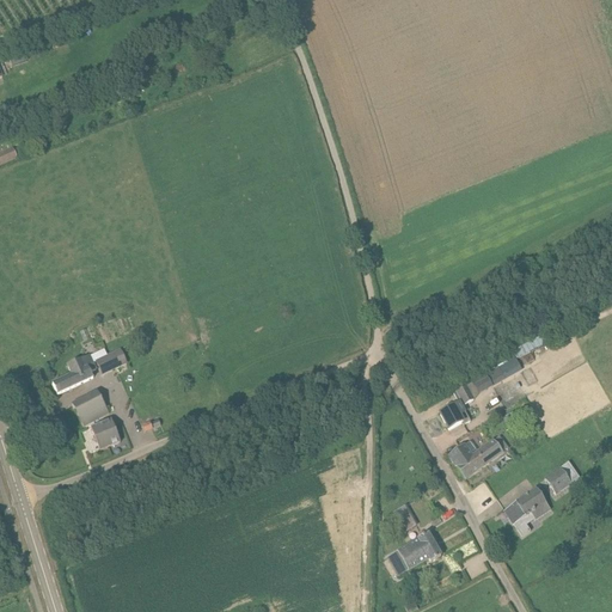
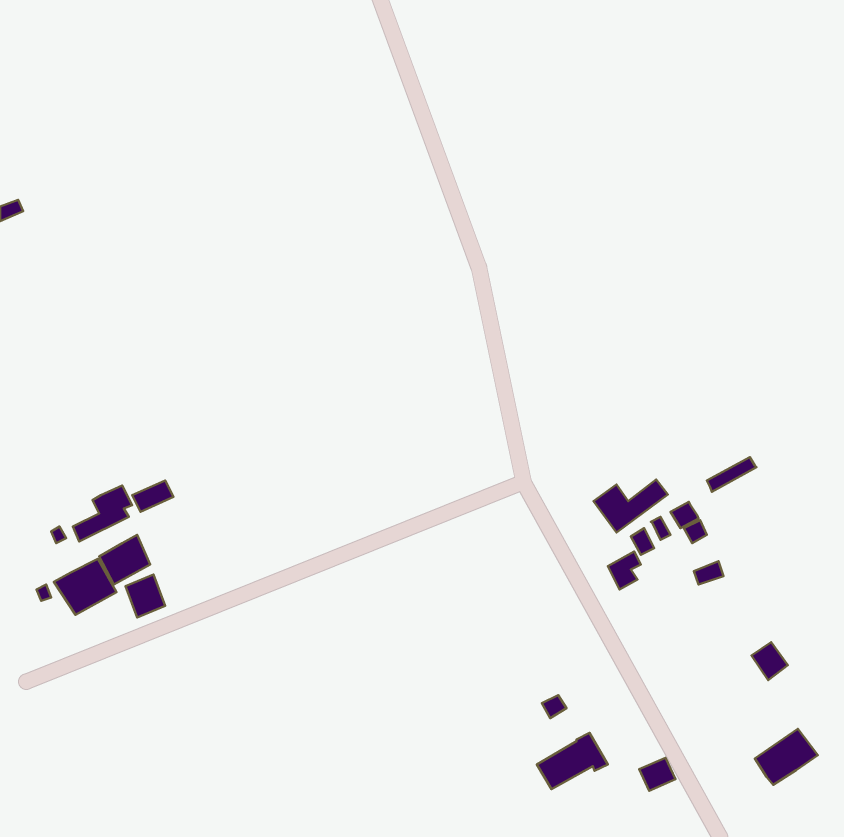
building: none -> [54,559,117,615]
building: [447,437,501,476] -> [593,480,668,532]
building: [504,486,550,527] -> [755,729,818,785]

